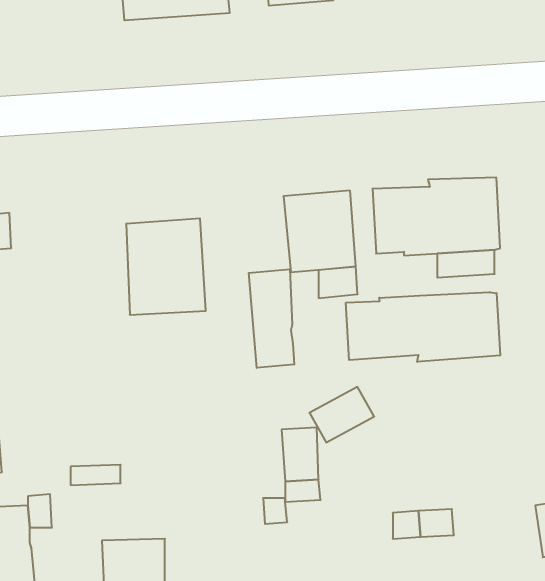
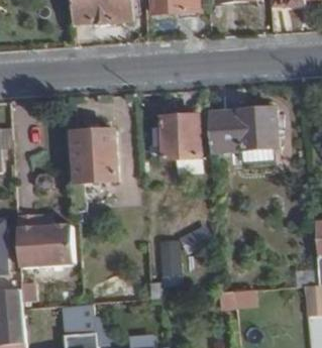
building: [249,269,294,368] -> none
building: [346,292,500,362] -> none
building: none -> [14,215,74,261]

